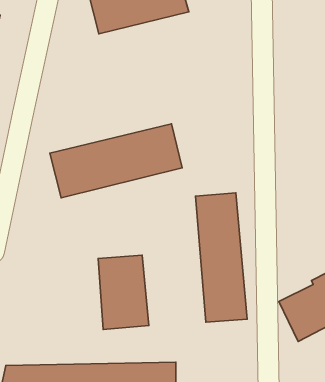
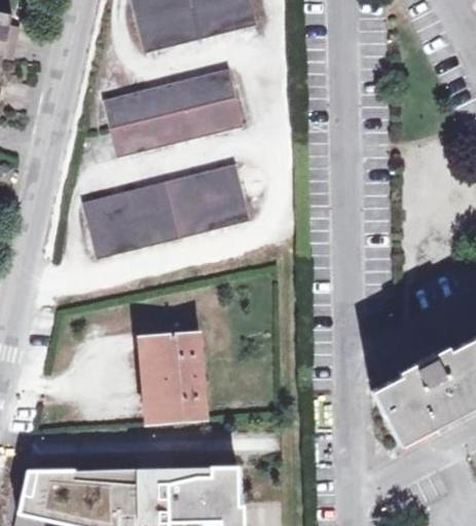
building: none -> [104,69,245,157]
building: [195,193,247,322] -> none

